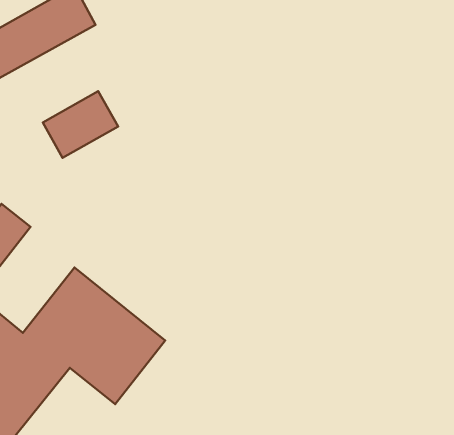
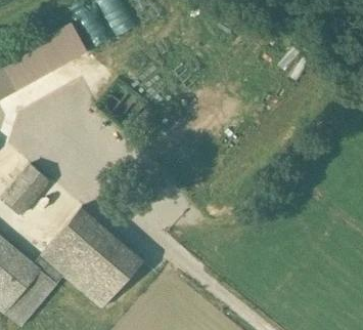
building: [43,91,118,158] -> none

